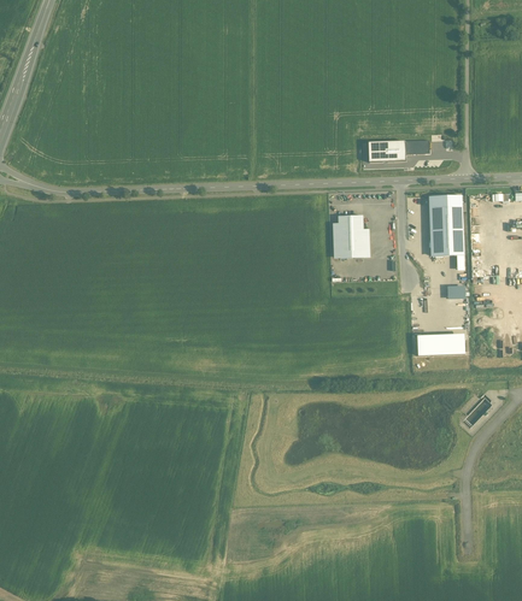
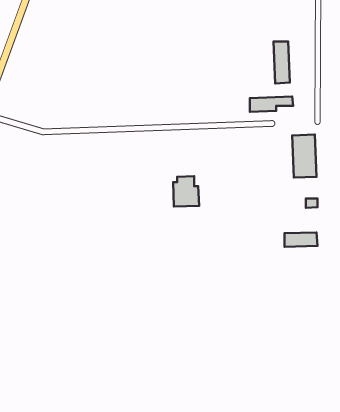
building: none -> [273,41,290,84]
building: [332,214,369,258] -> [173,176,199,207]

